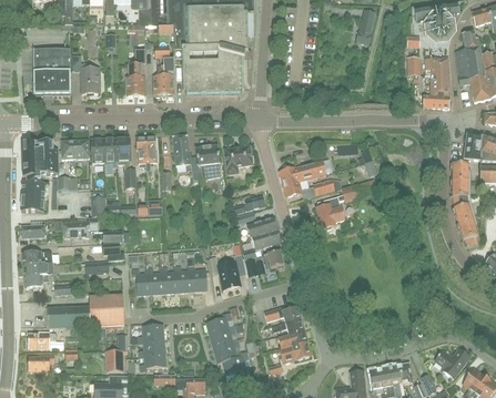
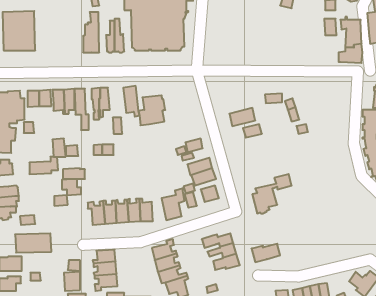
building: [73,54,100,92] -> none
building: [224,145,254,173] -> none
building: [279,166,302,196] -> none
building: [316,184,362,229] -> [252,174,292,213]
building: [89,293,124,326] -> none
building: [279,341,312,363] -> [251,244,280,262]

